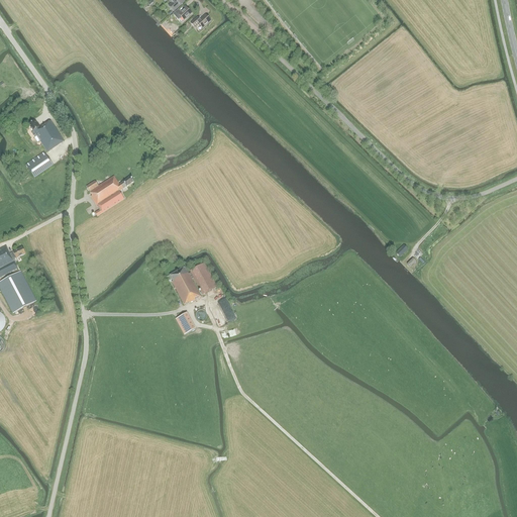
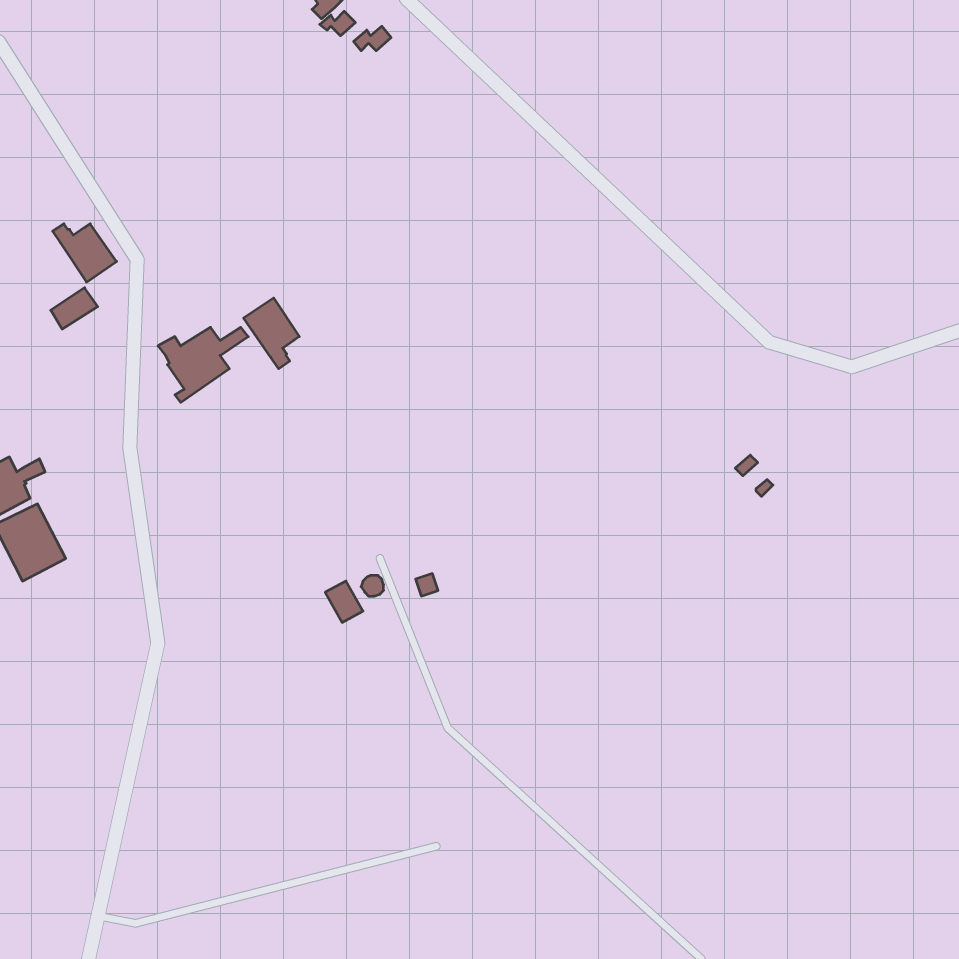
building: none -> [244,298,299,369]
building: [169,263,216,304] -> none

